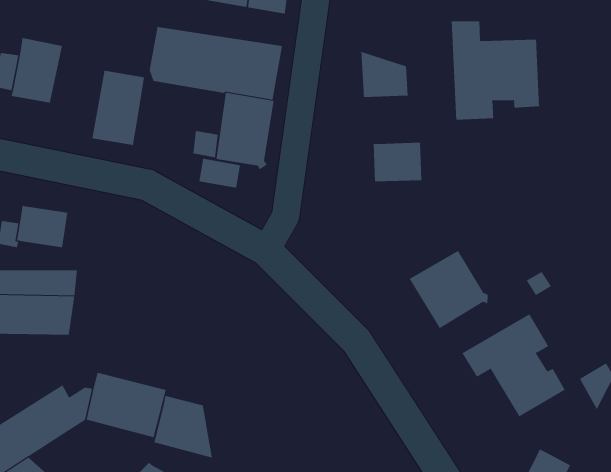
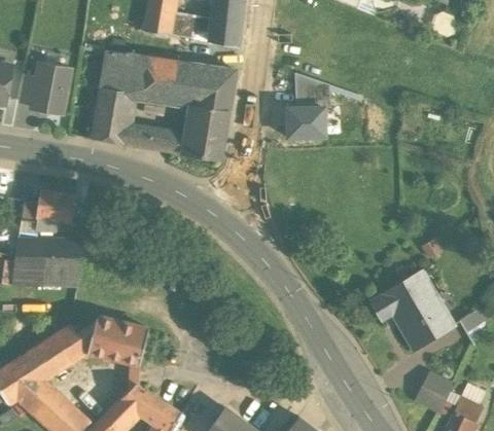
building: [451,20,539,121] -> none
building: none -> [102,51,142,97]
building: [373,142,422,182] -> [288,108,325,138]
building: [198,158,241,188] -> [125,127,156,149]
building: [409,250,488,329] -> none
building: [154,395,212,459] -> none

